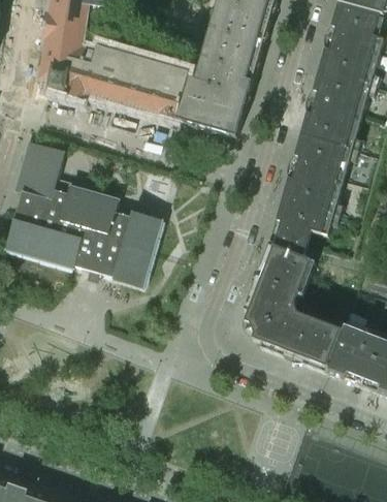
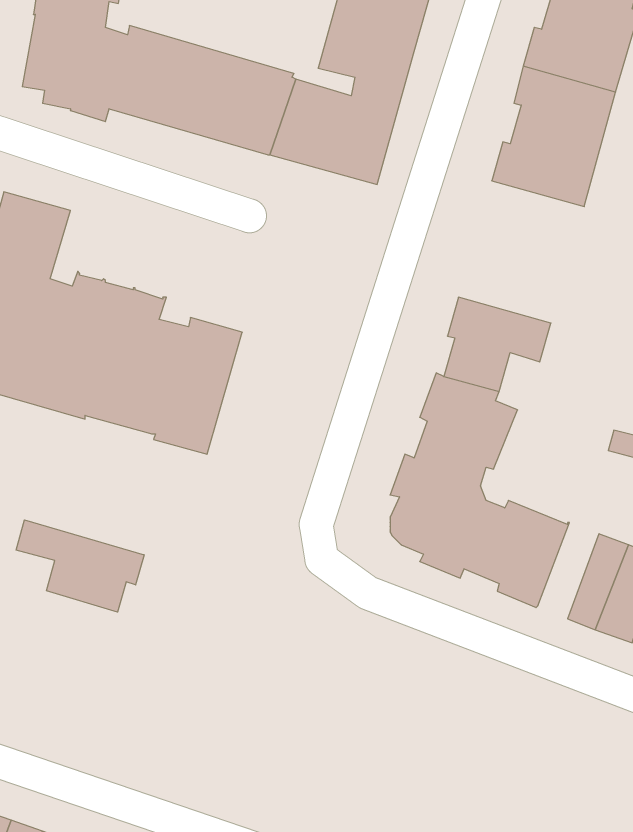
building: [281,132,351,212] -> none
building: none -> [16,520,144,612]
building: [325,322,359,377] -> none

